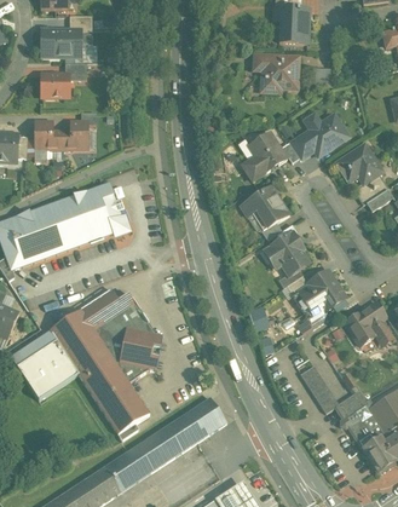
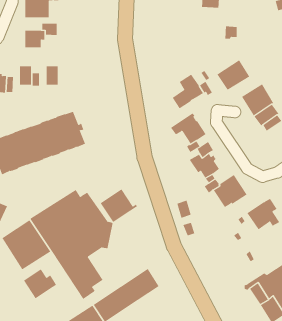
building: [254,54,298,92] -> none
building: none -> [100,189,138,223]
building: [299,364,368,419] -> none
building: none -> [23,268,57,299]

